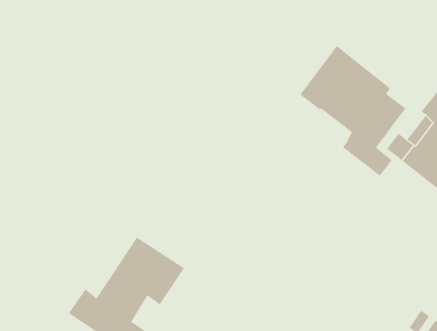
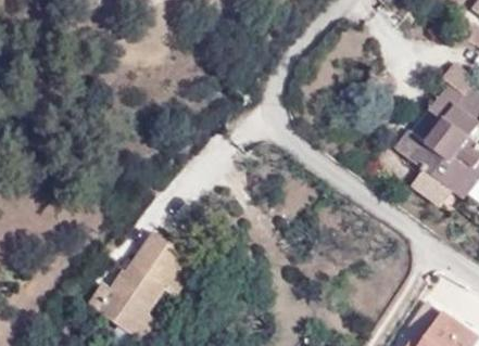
building: [299,45,406,176] -> none

